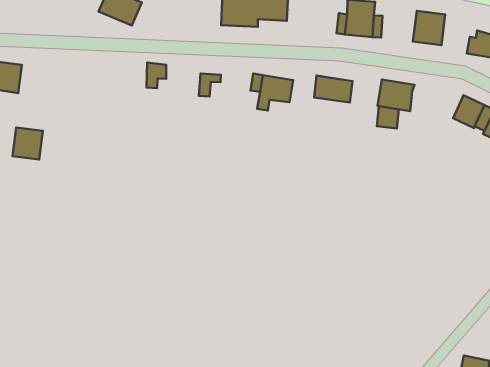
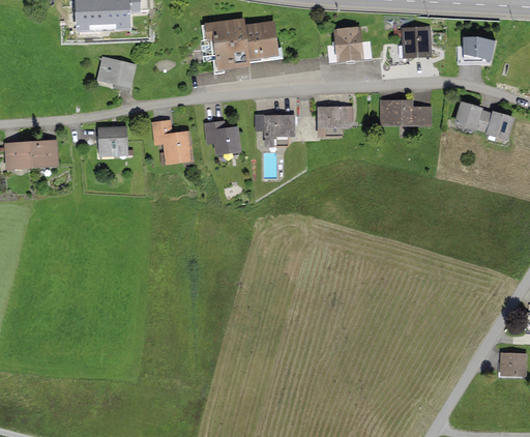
building: none -> [97,125,128,157]
building: none -> [164,130,190,164]
building: none -> [215,126,239,153]
building: [377,106,399,128] -> [410,106,431,125]
building: [13,128,43,159] -> [31,141,58,170]

